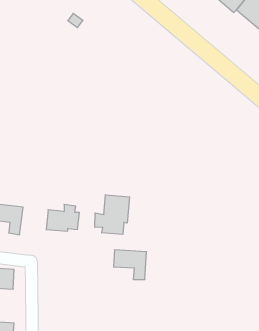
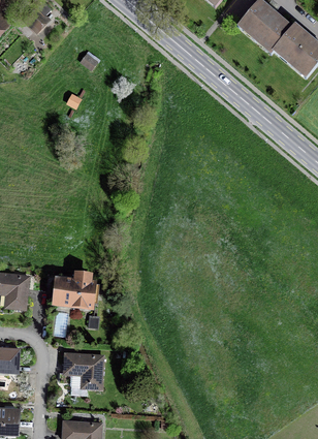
building: [95,195,130,234] -> none
building: [114,250,147,279] -> [64,353,102,387]

